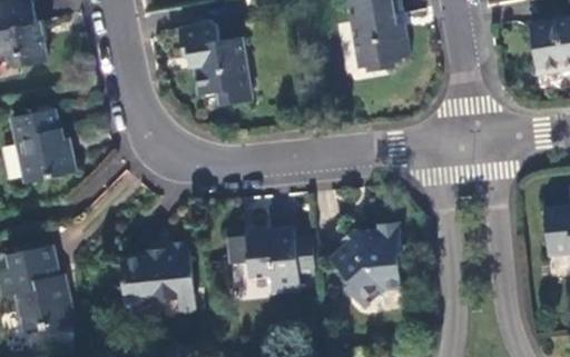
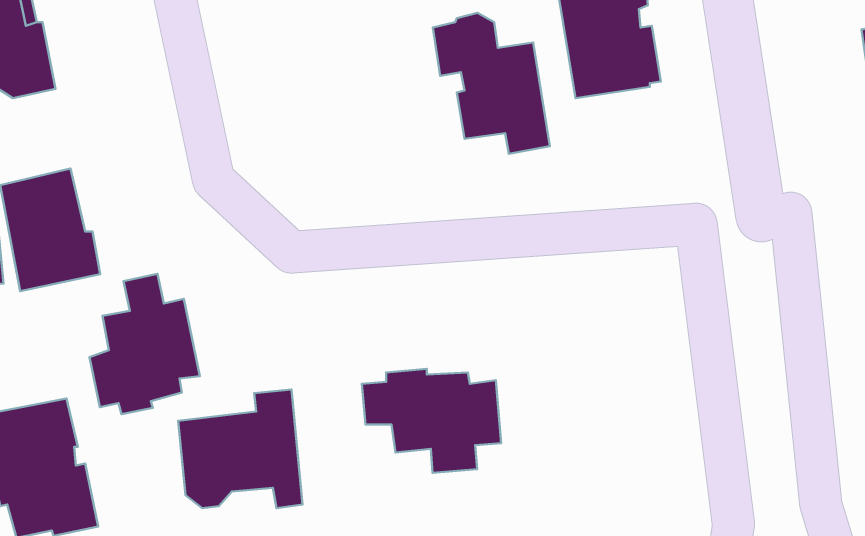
building: [181,22,252,107] -> [433,13,550,154]
building: none -> [90,274,200,414]
building: [332,225,402,311] -> none

